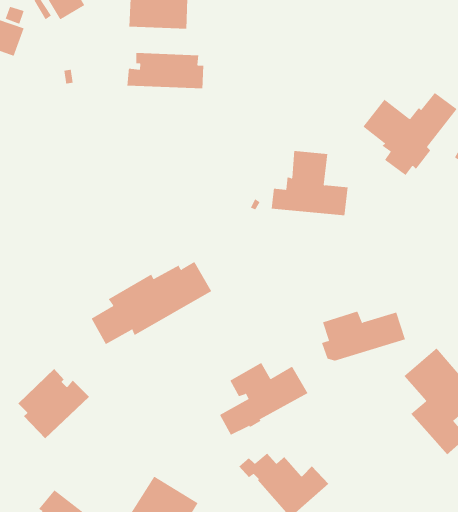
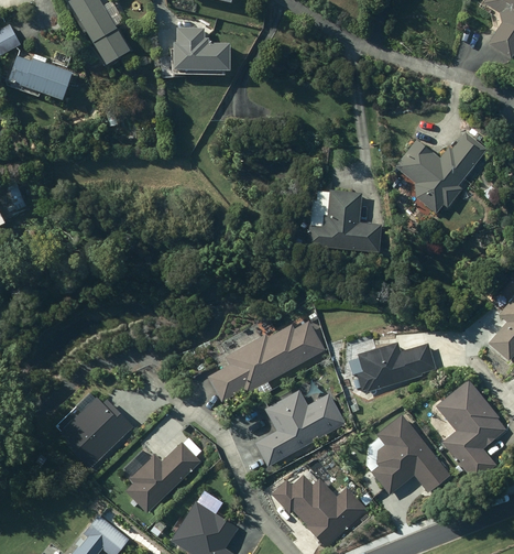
building: [127,52,204,89] -> none
building: [91,261,212,345] -> [208,321,325,401]
building: none -> [371,413,450,495]
building: none -> [125,441,200,512]

